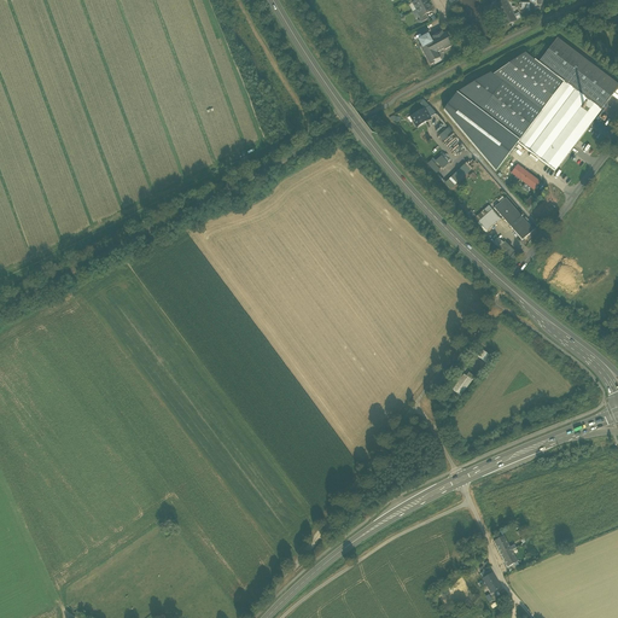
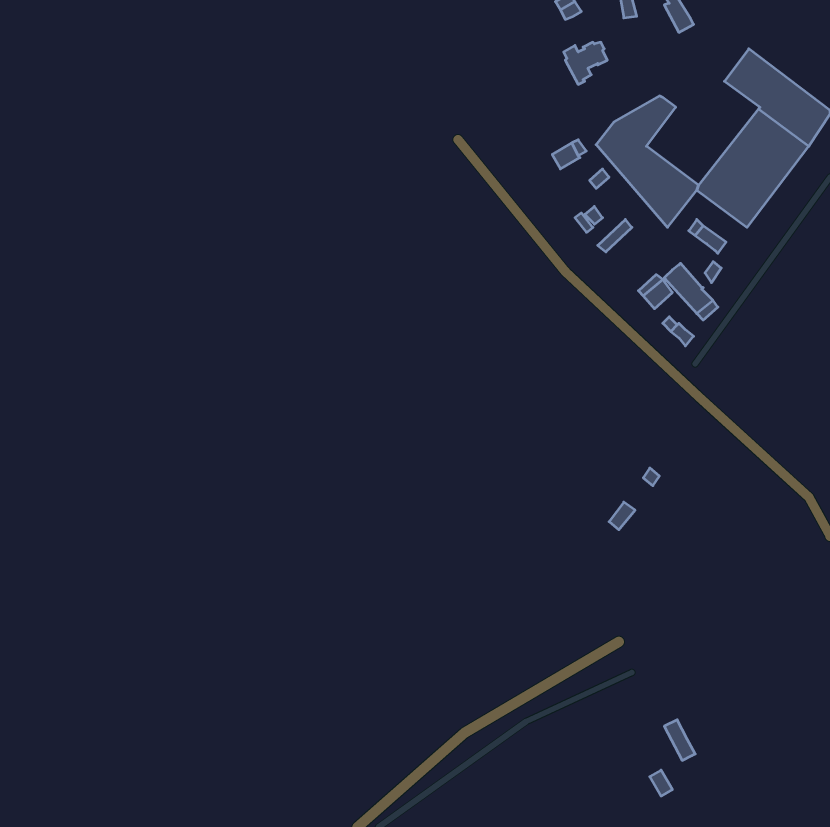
building: [480,51,565,138] -> none

